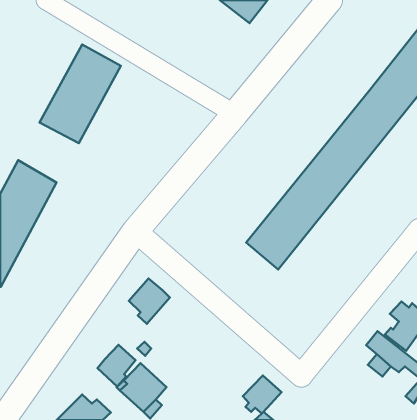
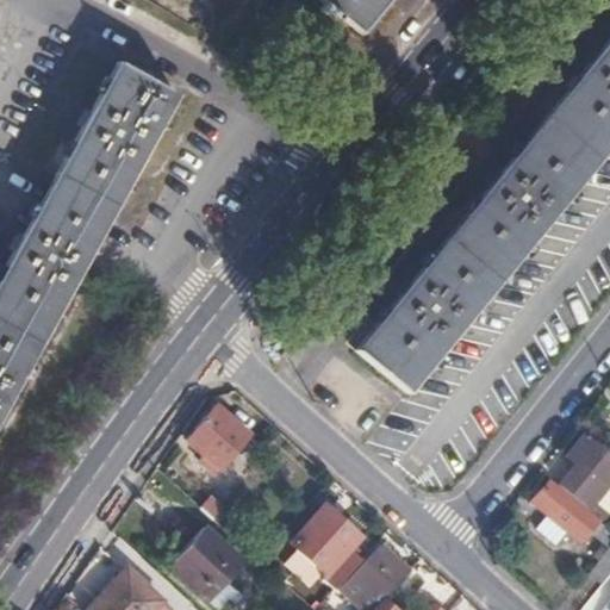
building: none -> [30,178,118,264]
building: [97,345,136,387] -> none
building: none -> [294,504,363,587]

